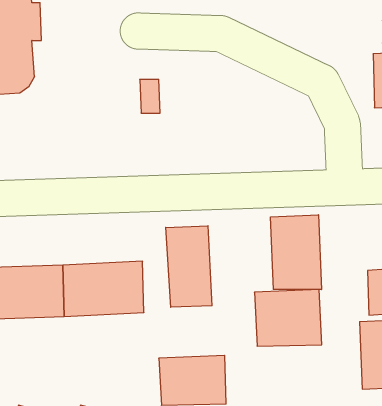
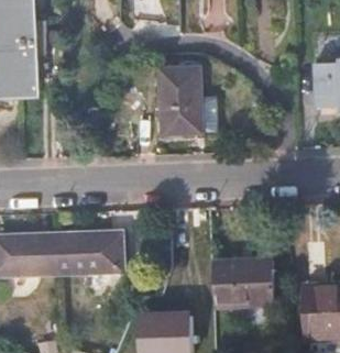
building: none -> [155,65,198,134]
building: [271,215,321,290] -> none
building: [166,226,212,307] -> none

